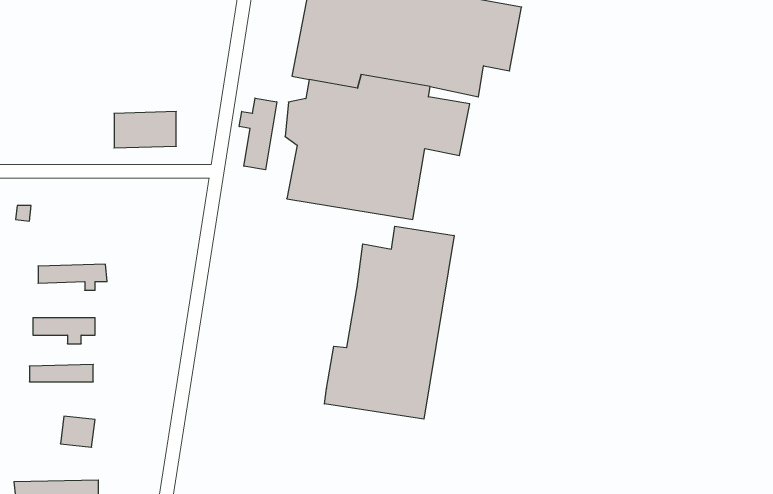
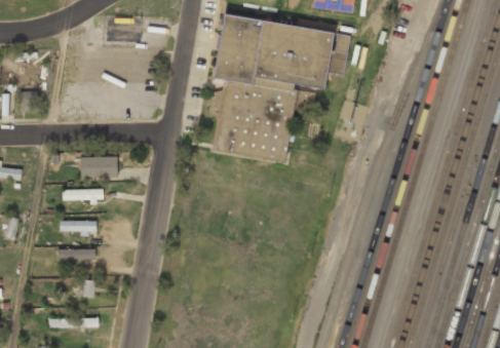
building: [239,98,277,170] -> none
building: [114,112,176,148] -> [79,156,116,178]
building: [324,226,454,419] -> none

